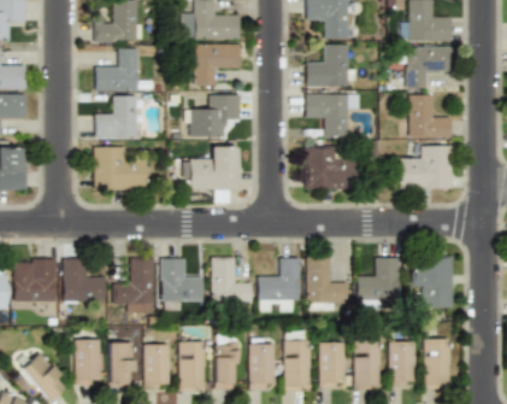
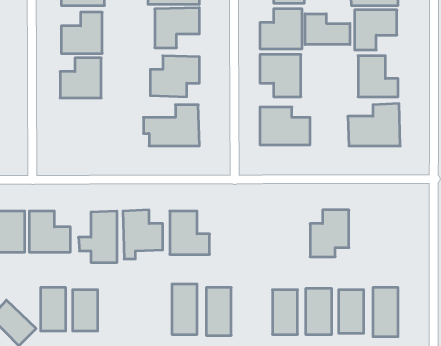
building: none -> [305,14,350,45]
building: [94,146,147,191] -> none
building: [305,257,347,309] -> none
building: [257,258,299,312] -> none
building: [411,258,453,308] -> none
building: [283,334,309,390] -> none
building: [178,341,205,392] -> none
building: [143,342,170,390] -> none

